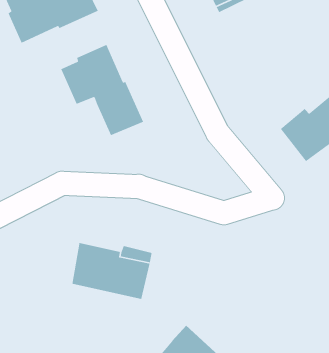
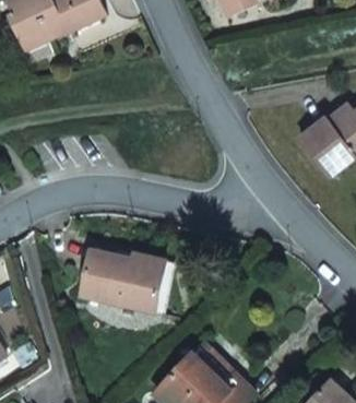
building: [60,44,144,136] -> none

